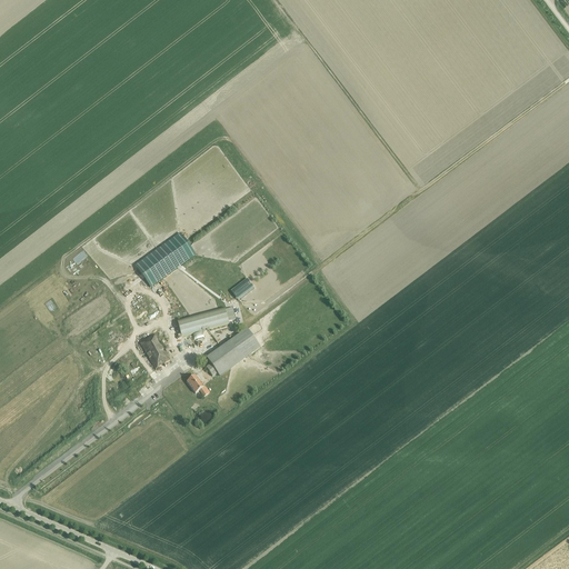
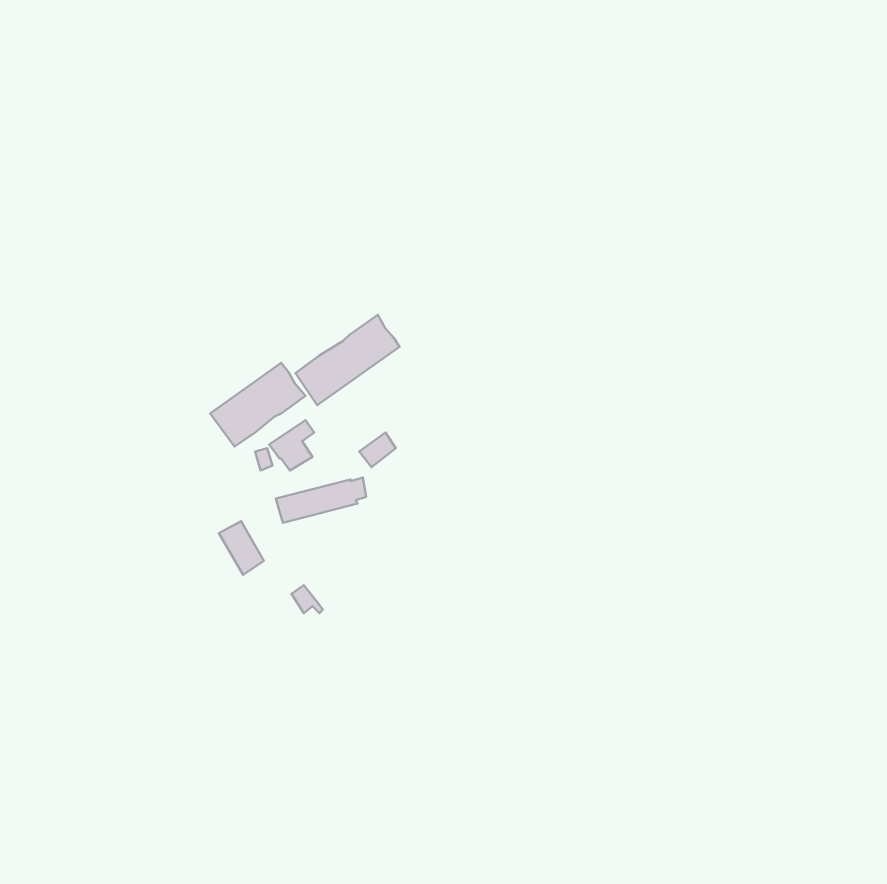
building: none -> [296,315,399,405]
building: [206,328,260,375] -> none

